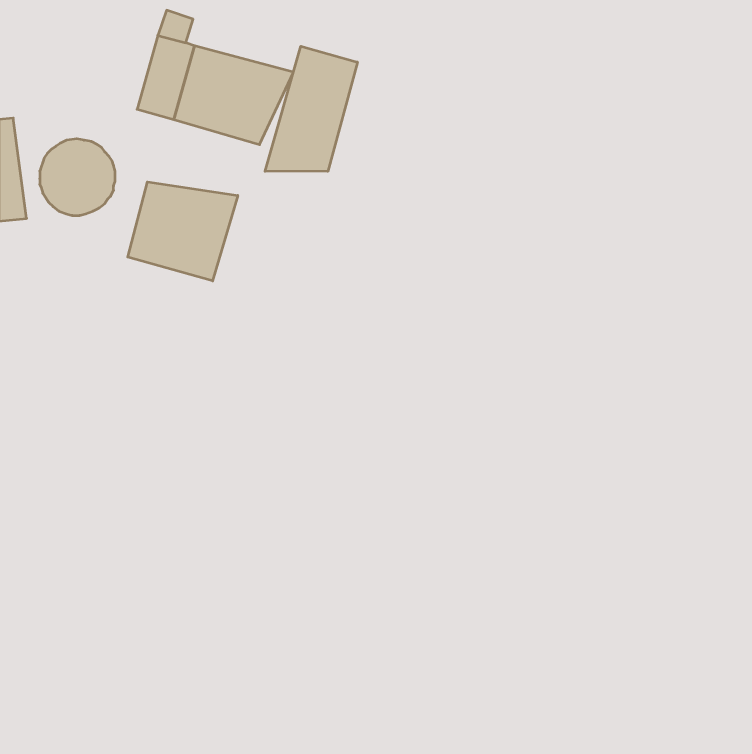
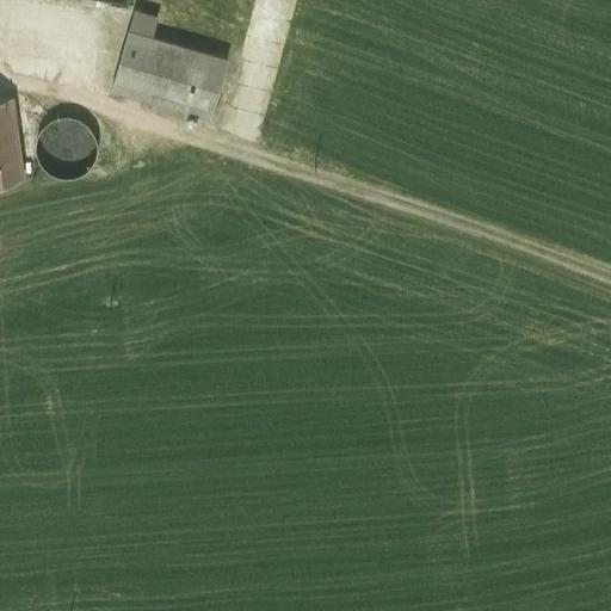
building: [265,46,357,171] -> none
building: [128,182,238,281] -> none

